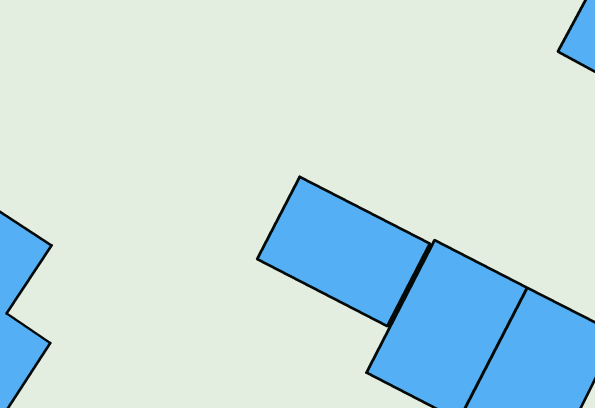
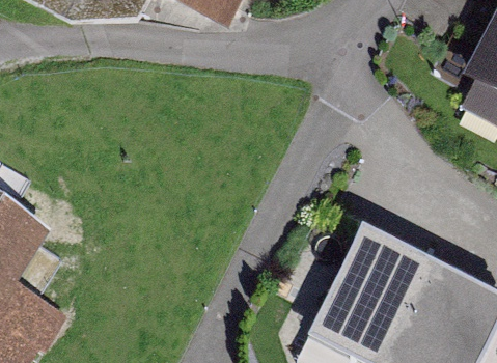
building: [257,177,430,326] -> none

